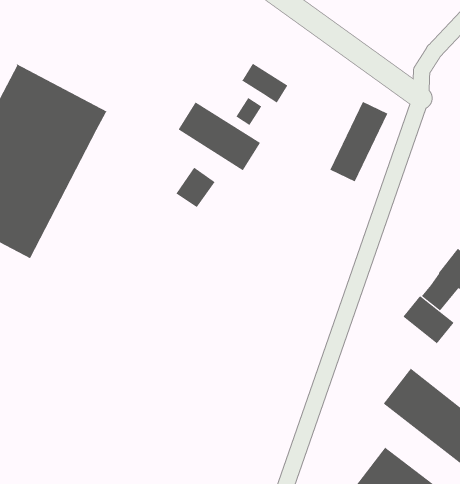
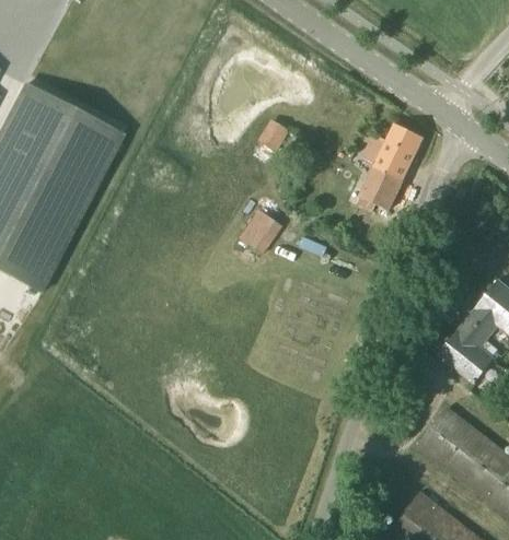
building: [242,63,288,103] -> none
building: [178,101,261,171] -> none
building: [176,167,215,208] -> [239,207,281,250]

